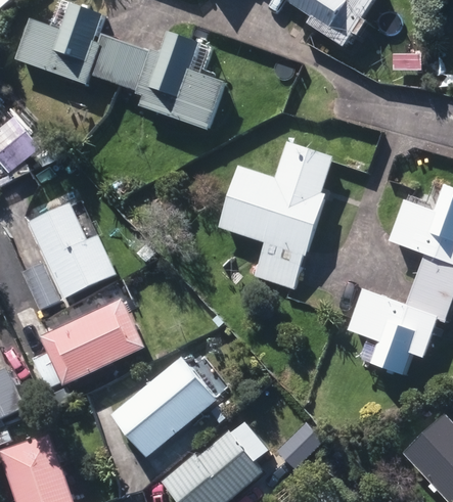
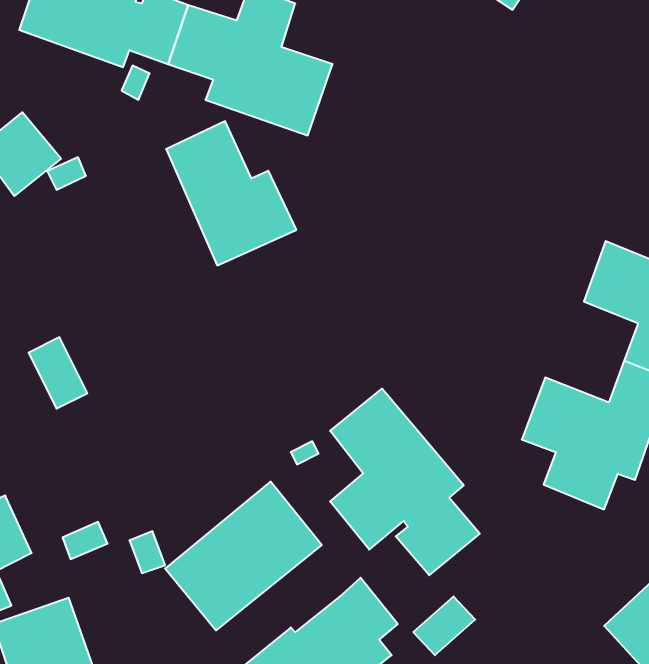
building: [218,141,331,287] -> none
building: [30,202,116,298] -> [166,121,296,265]
building: none -> [330,389,480,575]
building: [33,299,144,387] -> none

